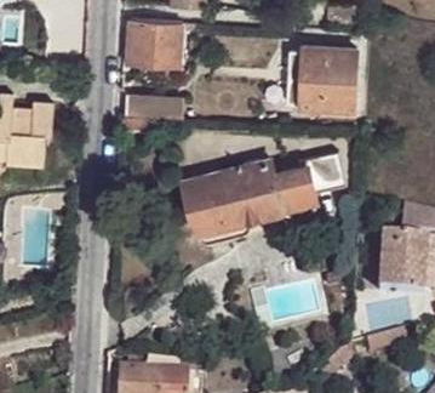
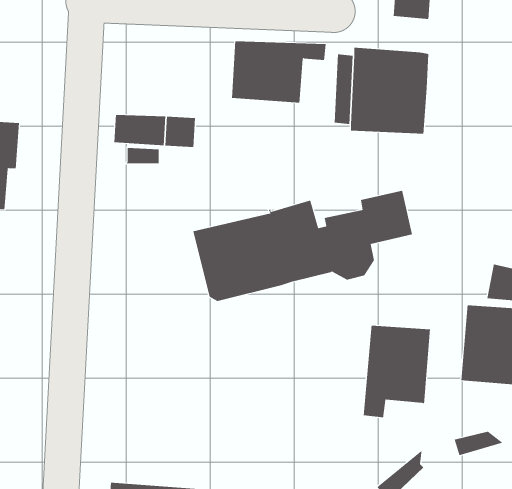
building: [126,17,196,63] -> [231,41,327,103]
building: none -> [363,325,430,418]

